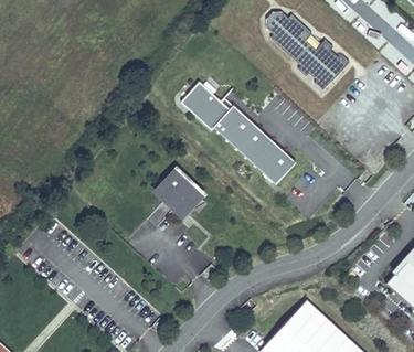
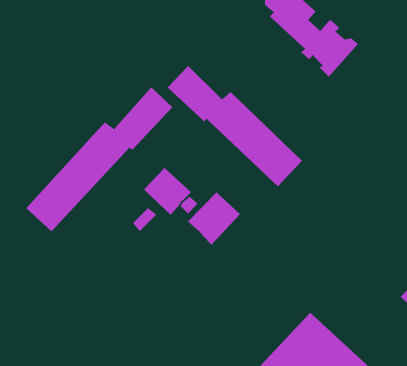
building: none -> [25,87,173,232]
building: none -> [187,191,241,245]

